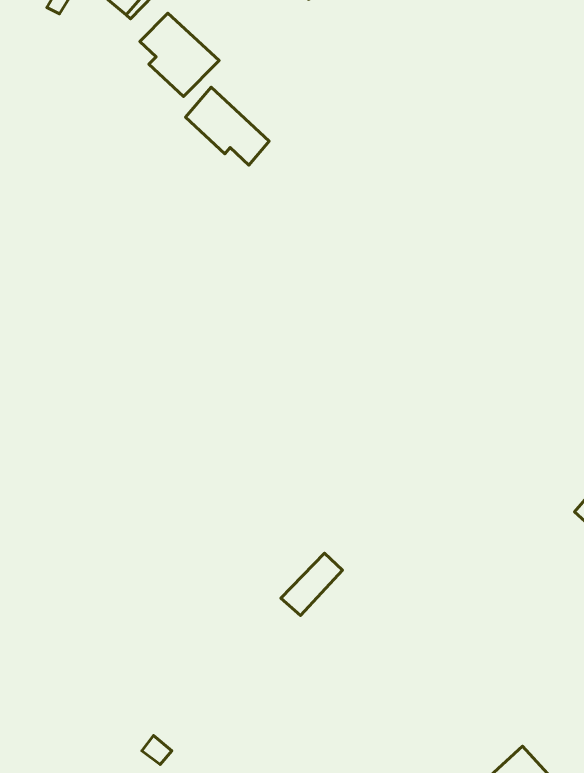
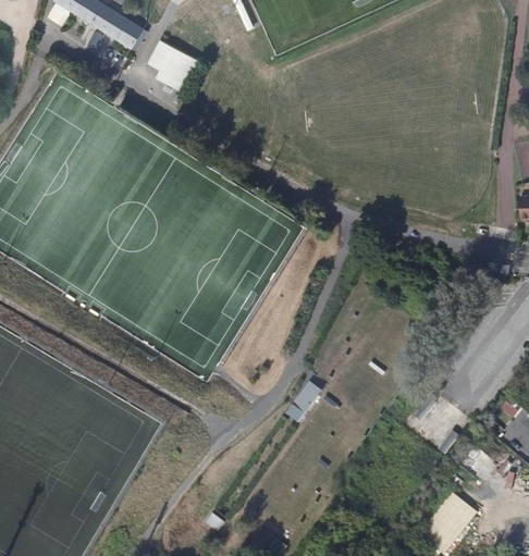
building: [186,87,269,165] -> none

